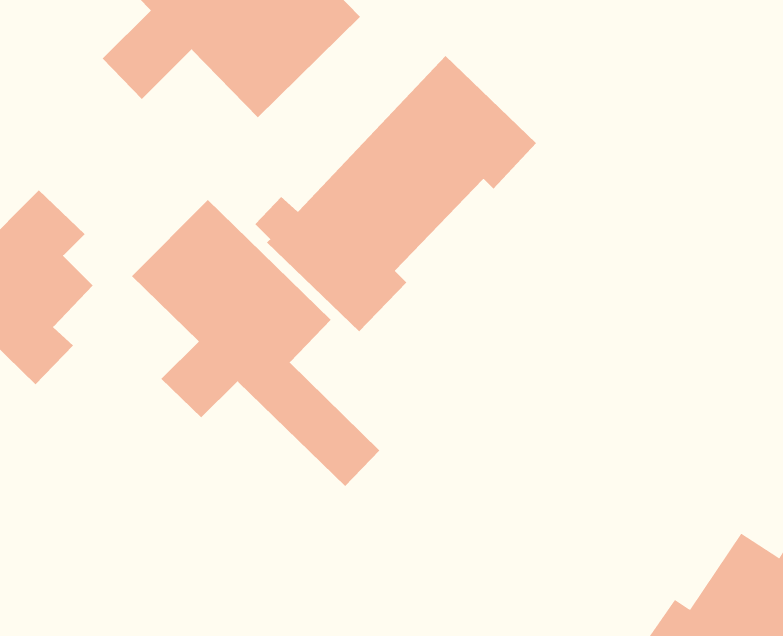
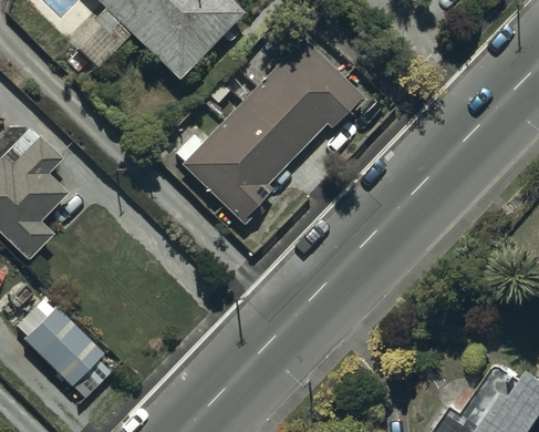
building: [131,199,380,487] -> none
building: none -> [18,299,104,385]

